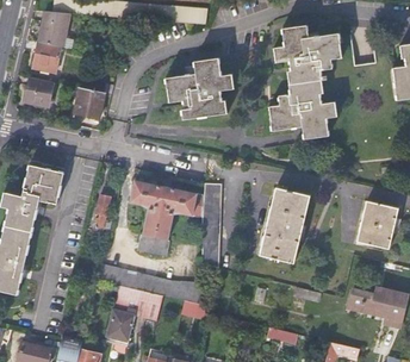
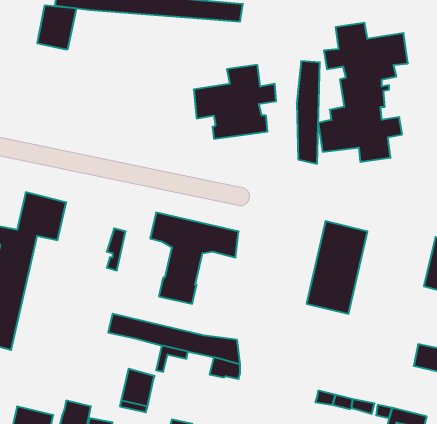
building: [32,42,61,73] -> none
building: [25,76,54,106] -> none
building: [74,87,105,119] -> none
building: [201,183,220,268] -> [297,61,320,164]

